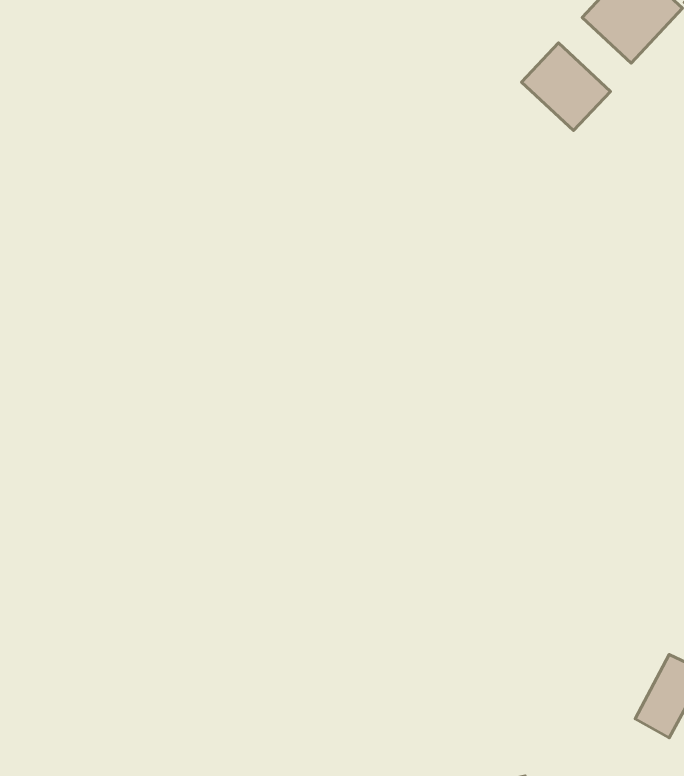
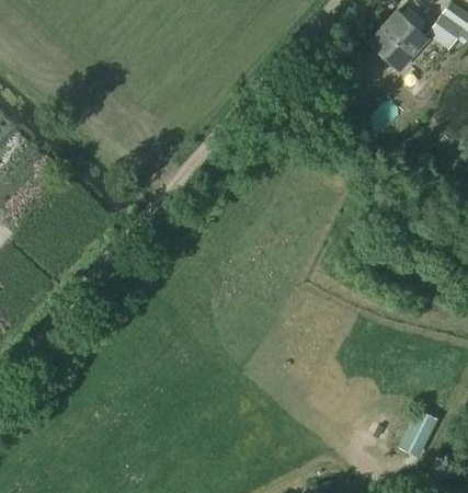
building: [521,43,610,131] -> none

